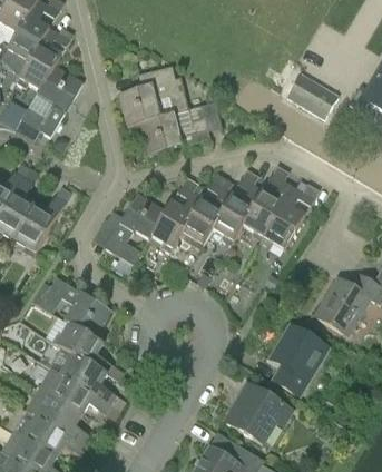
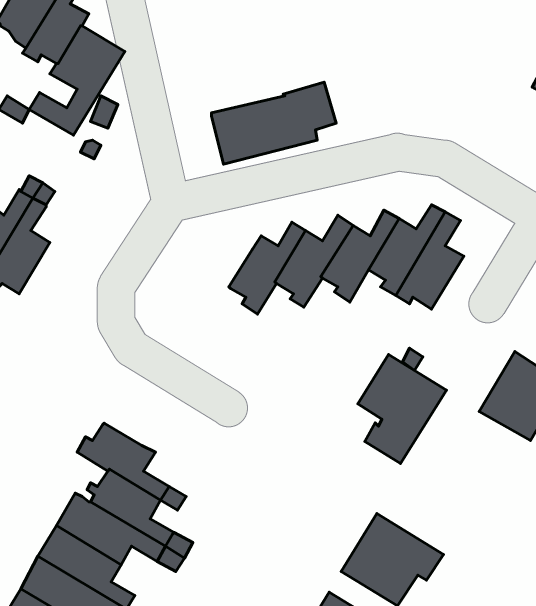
building: [287,75,339,121] -> none
building: [119,77,188,126] -> none
building: [14,186,71,255] -> none
building: [106,193,167,275] -> none
building: [32,276,111,337] -> none
building: [271,324,329,395] -> [358,354,447,464]

